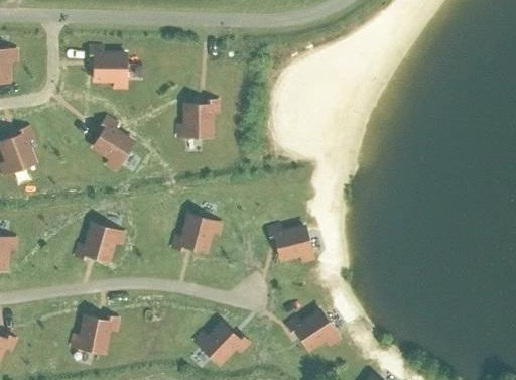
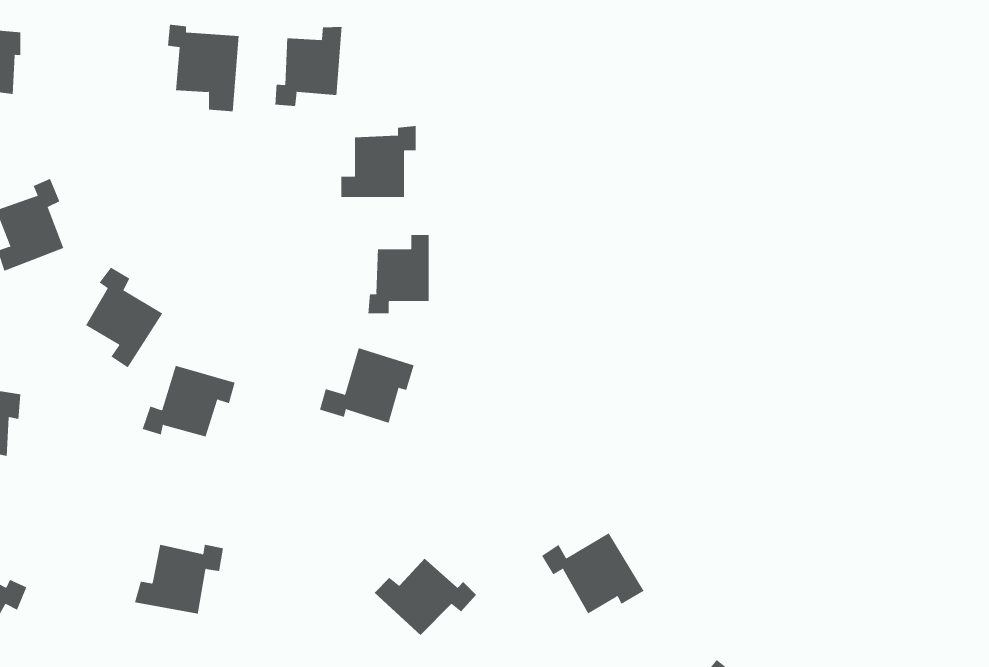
building: none -> [275,26,342,107]
building: [95,117,135,169] -> [85,267,163,368]
building: none -> [368,234,429,314]
building: [269,225,314,261] -> none

